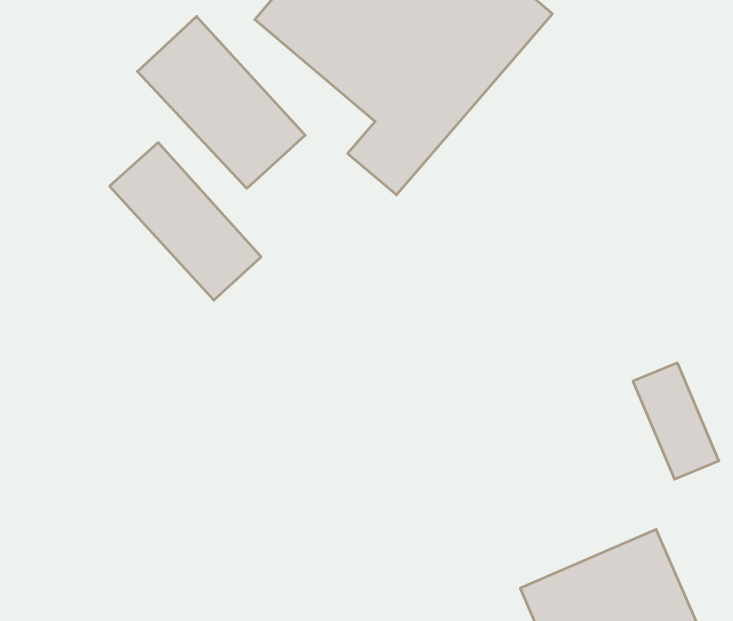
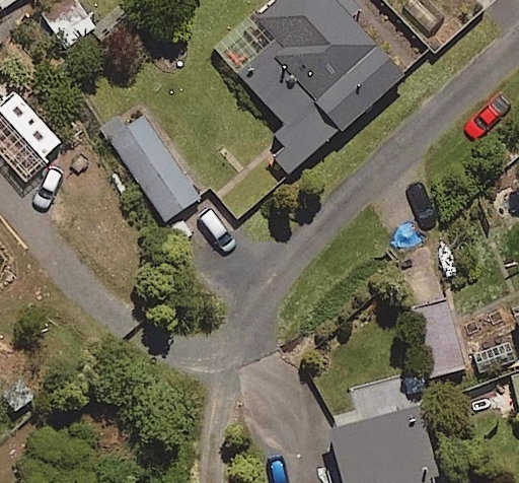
building: [137,16,305,188] -> none

